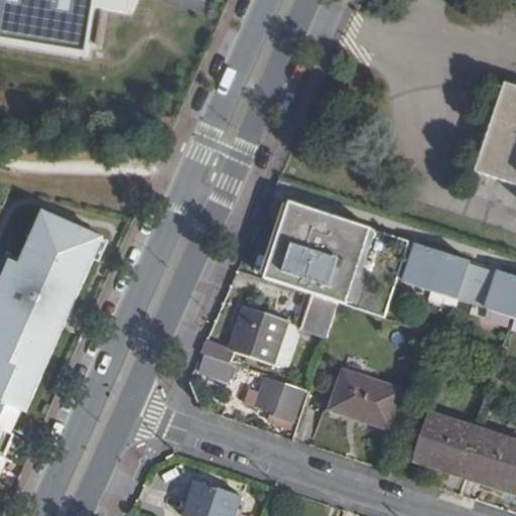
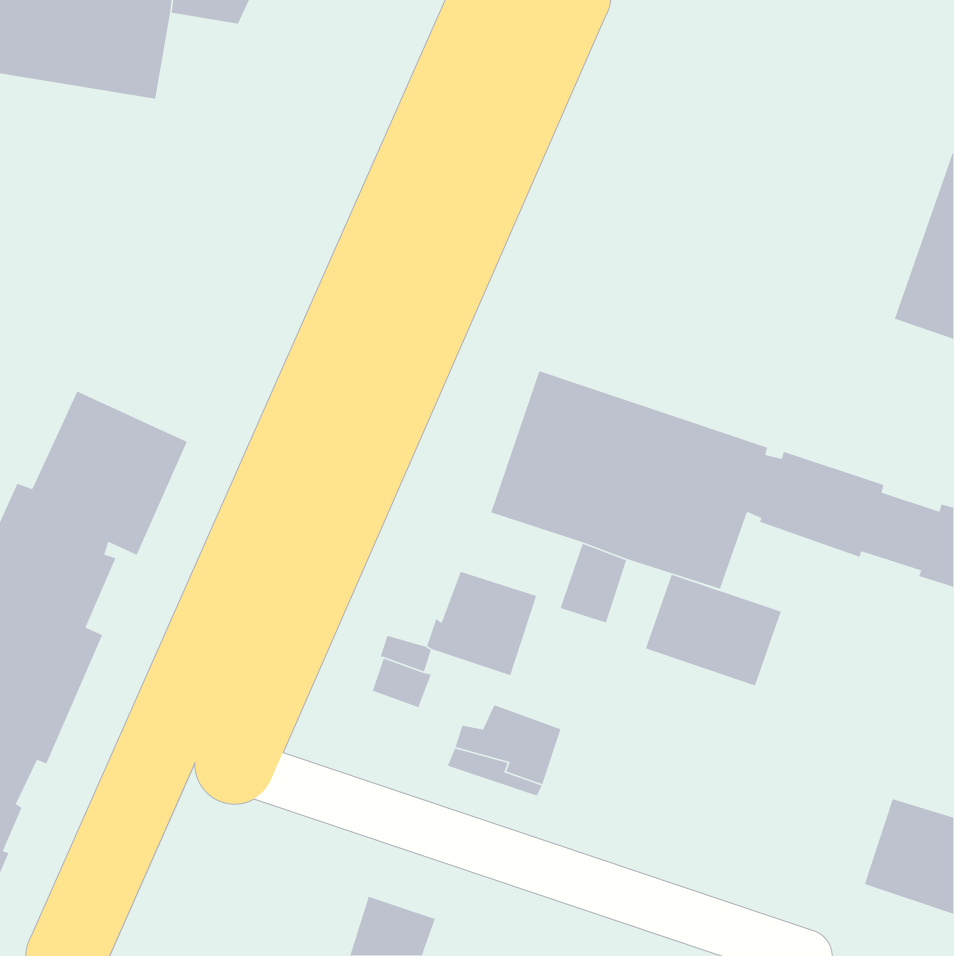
building: [329,368,402,428] -> [645,574,782,686]
building: [410,410,479,475] -> none

